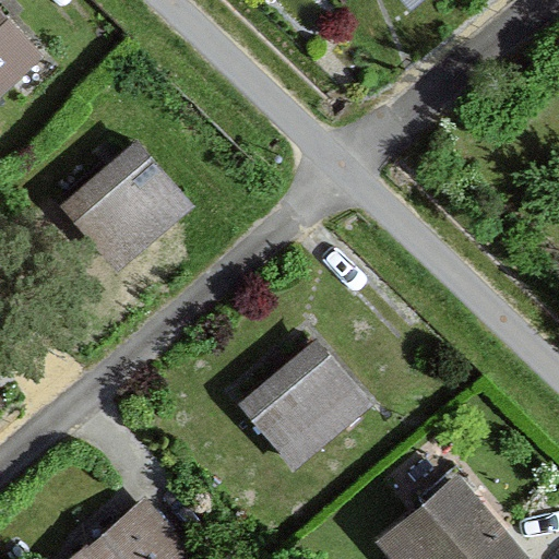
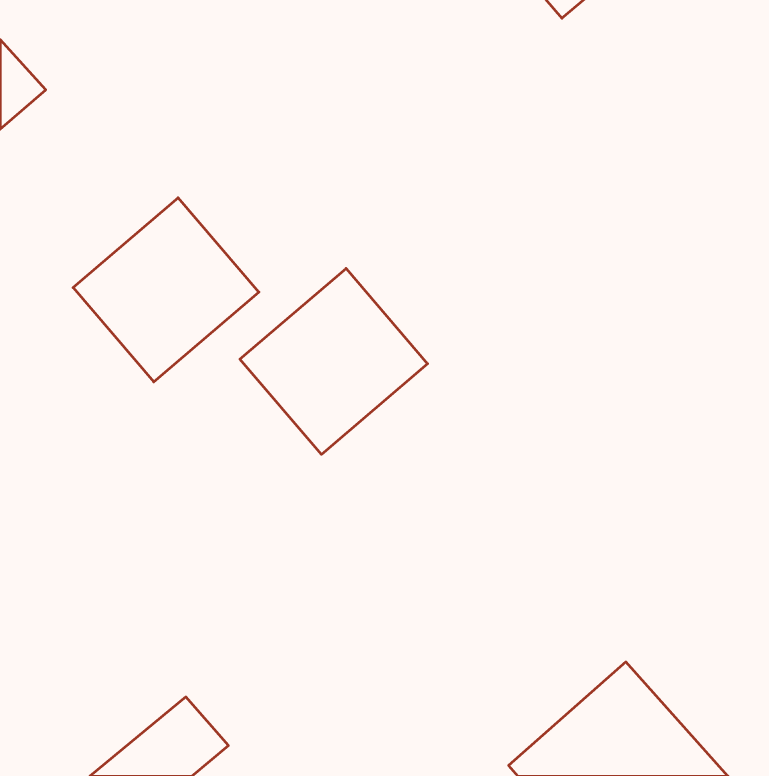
building: none -> [240,268,428,454]
building: [237,338,372,472] -> none

